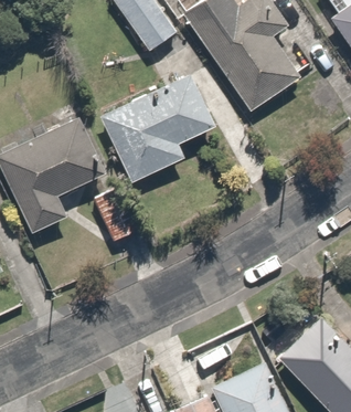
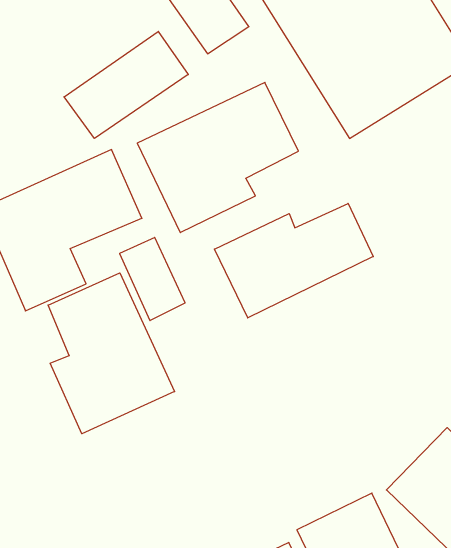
building: none -> [64,31,188,138]
building: none -> [214,203,373,318]
building: none -> [48,273,175,434]

